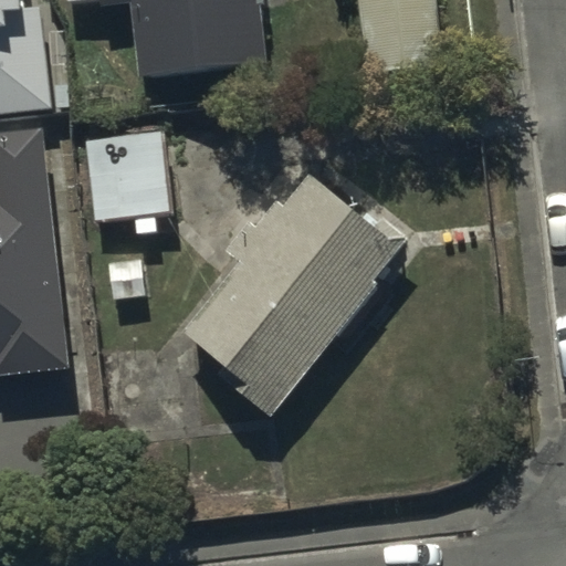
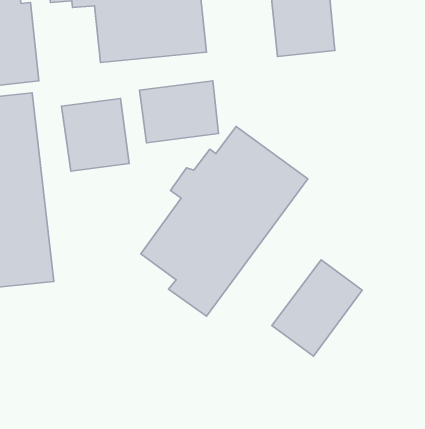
building: none -> [140,81,219,143]
building: none -> [272,260,362,356]

